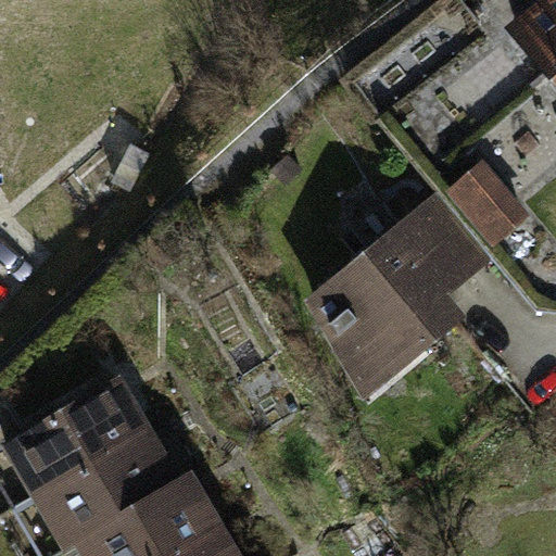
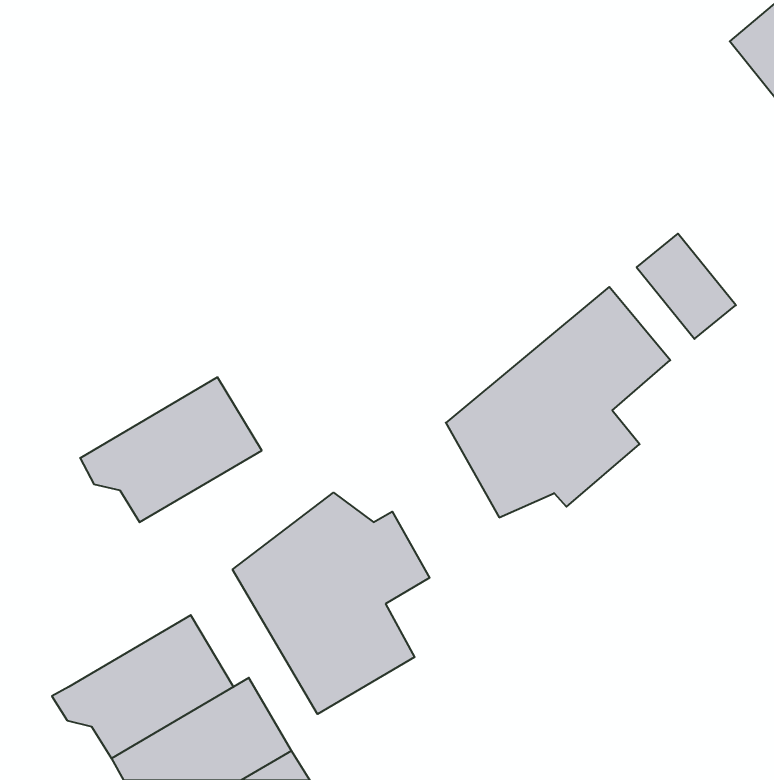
building: none -> [233,493,430,714]
building: [11,386,140,489] -> [80,377,262,522]

